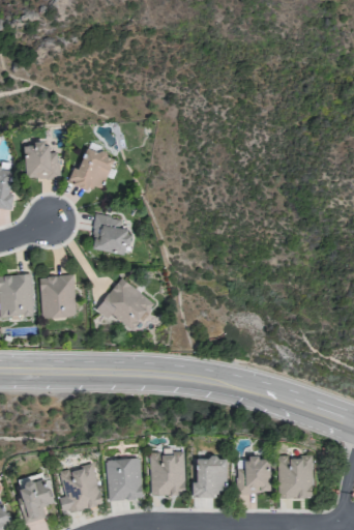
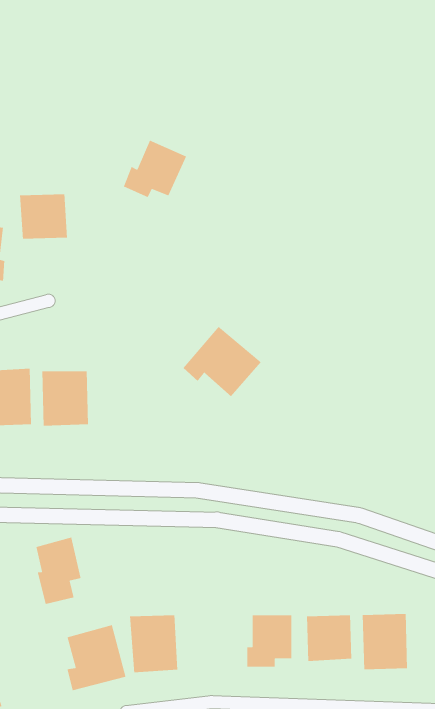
building: [68,147,116,190] -> [123,139,187,198]
building: [92,215,130,255] -> none
building: [96,278,155,331] -> [182,326,262,397]
building: [150,453,186,496] -> none
building: [19,472,53,523] -> [36,537,82,605]

